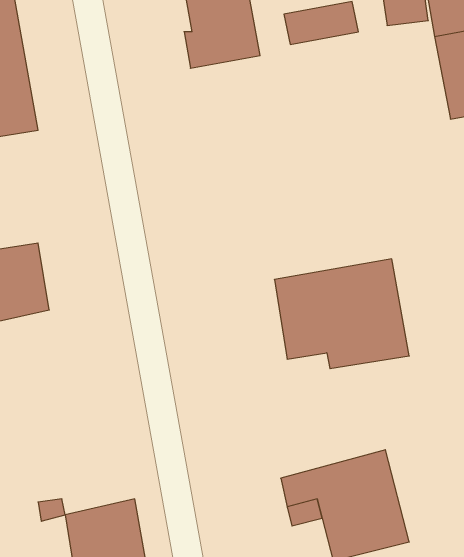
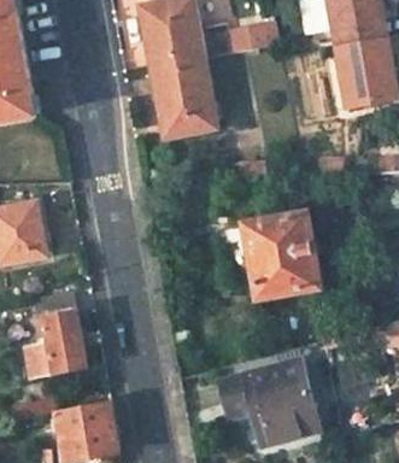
building: none -> [152,61,216,131]
building: none -> [24,293,84,376]

